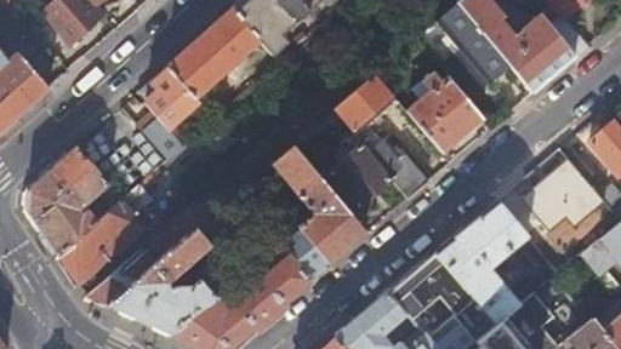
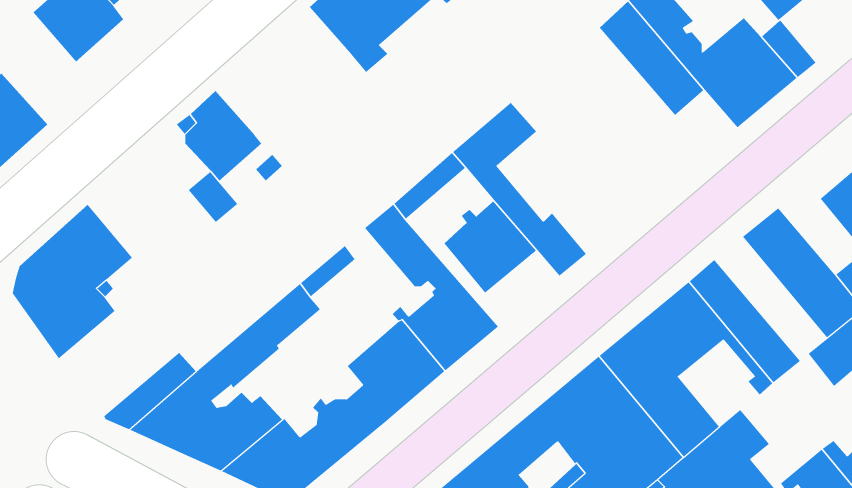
building: [167,7,261,97] -> none
building: [408,70,483,151] -> none
building: [57,172,158,286] -> none

